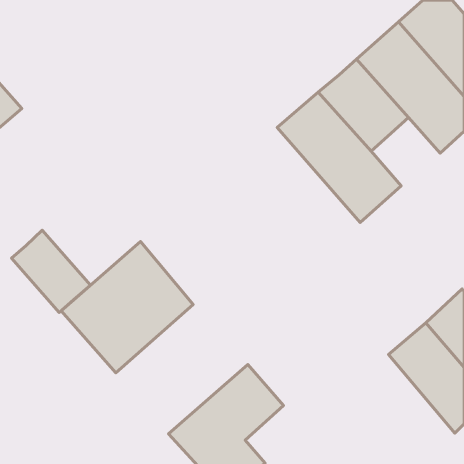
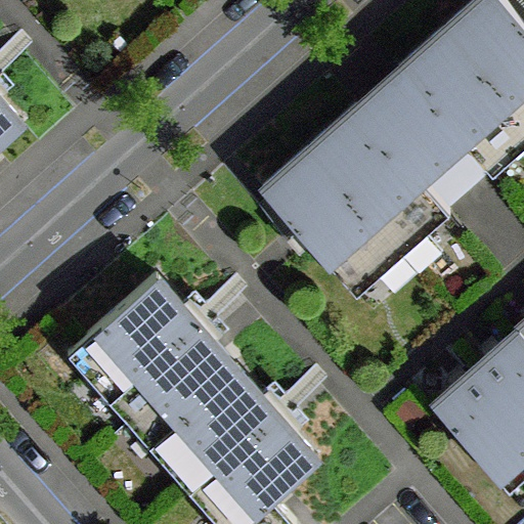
building: none -> [264,145,404,294]
building: [12,230,91,312] -> none
building: none -> [130,344,278,489]

